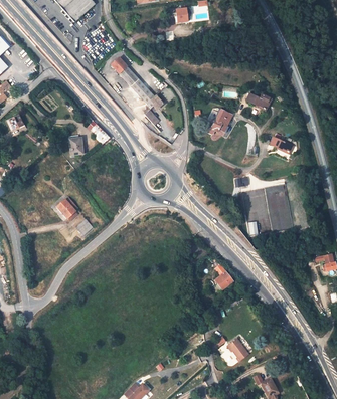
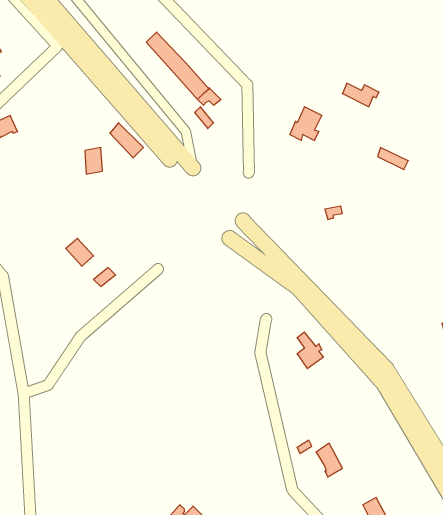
building: [266,183,290,219] -> none

